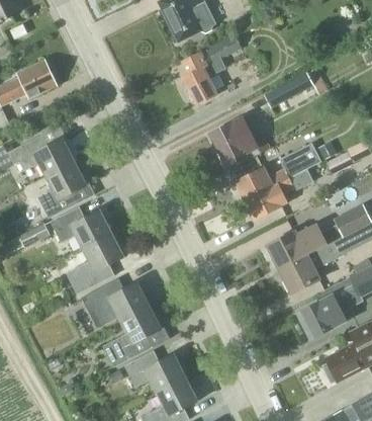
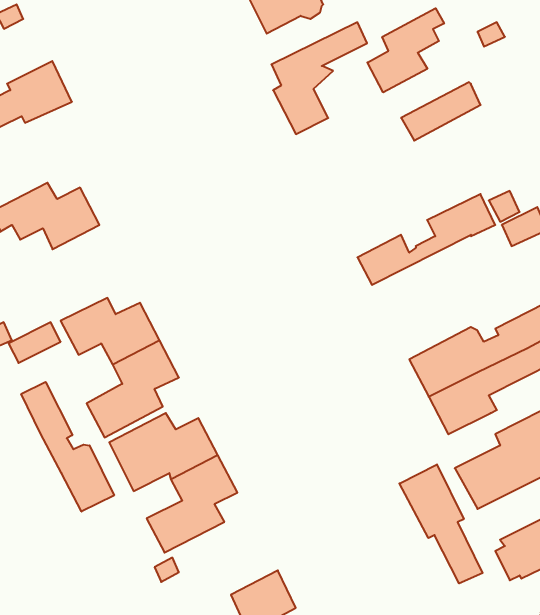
building: none -> [367,8,444,92]
building: [210,117,257,163] -> none
building: [37,162,86,219] -> none
building: [244,168,311,220] -> none
building: none -> [21,382,114,512]
building: none -> [399,464,483,583]
building: [123,351,185,393] -> none

